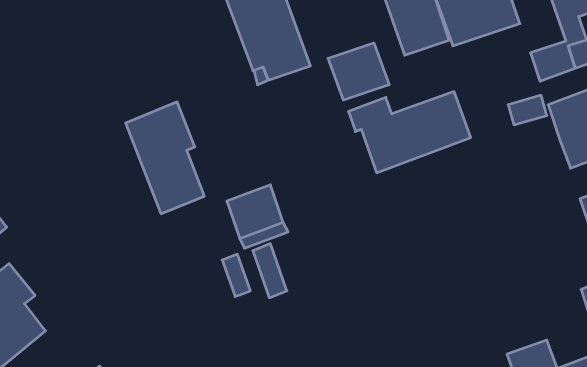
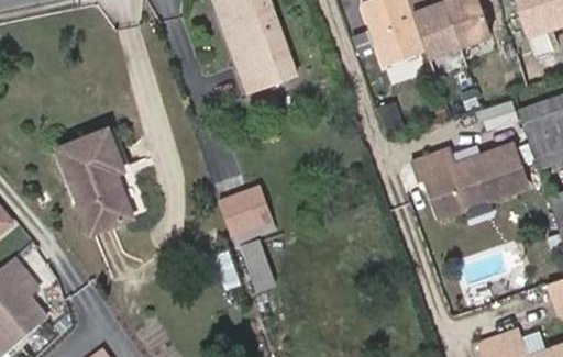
building: [328,43,389,100] -> none
building: [348,92,471,173] -> [413,143,528,219]
building: [126,102,204,214] -> [57,127,131,232]

